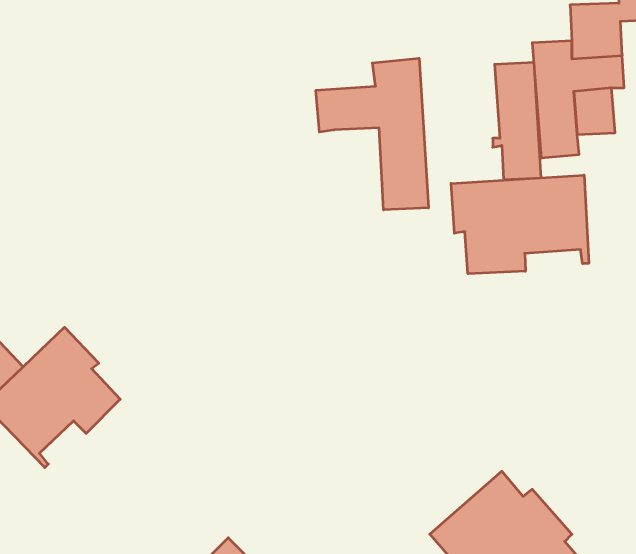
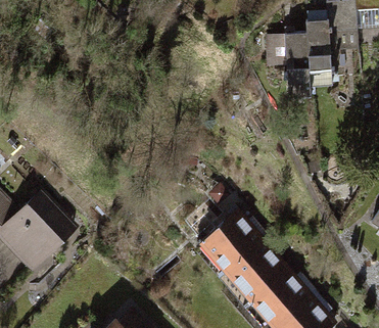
building: [316,58,428,210] -> none
building: [451,175,589,274] -> none
building: none -> [198,213,288,303]

